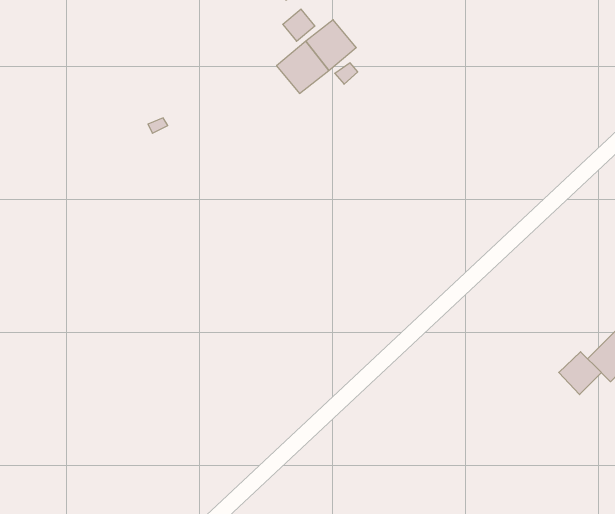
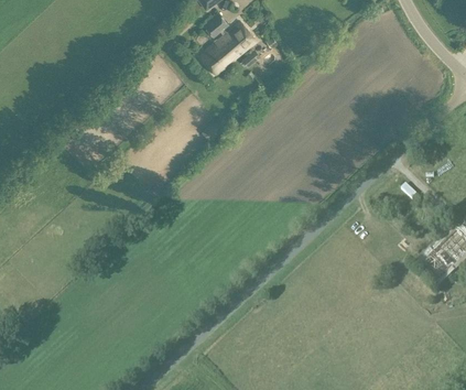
building: [559,352,601,395] -> none

